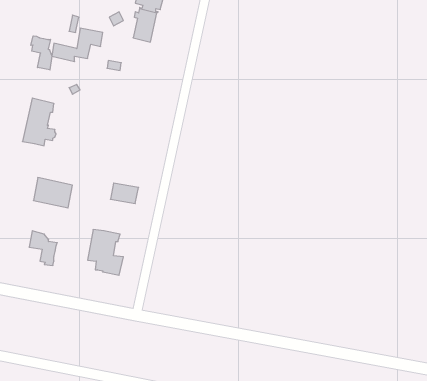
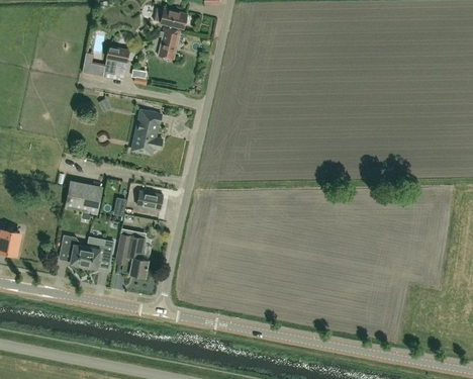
building: [31,36,52,70] -> none
building: [22,98,56,146] -> [131,109,163,154]
building: none -> [83,236,113,269]

